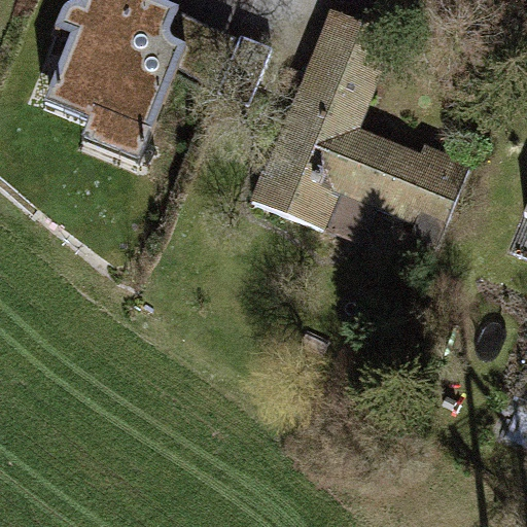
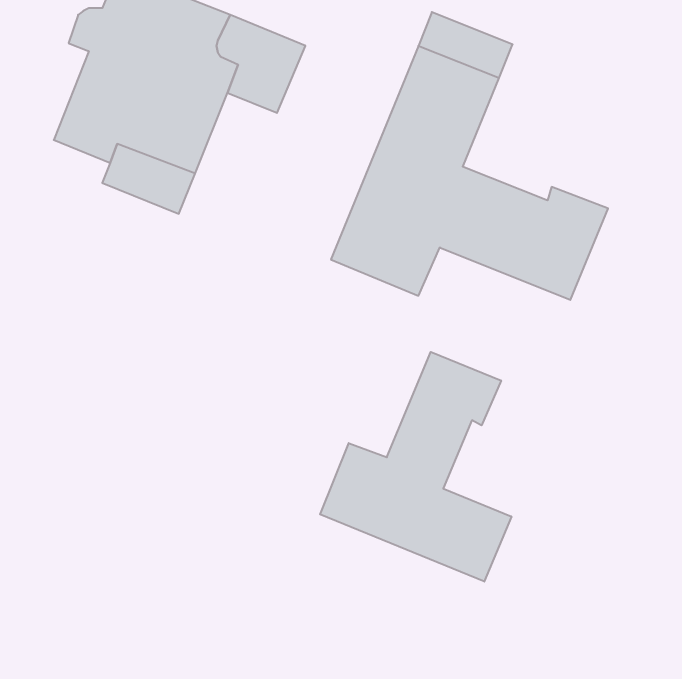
building: none -> [320,352,511,582]

